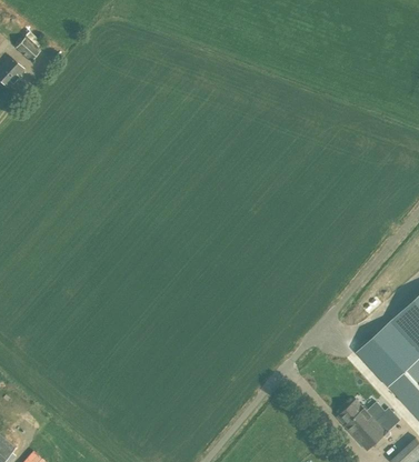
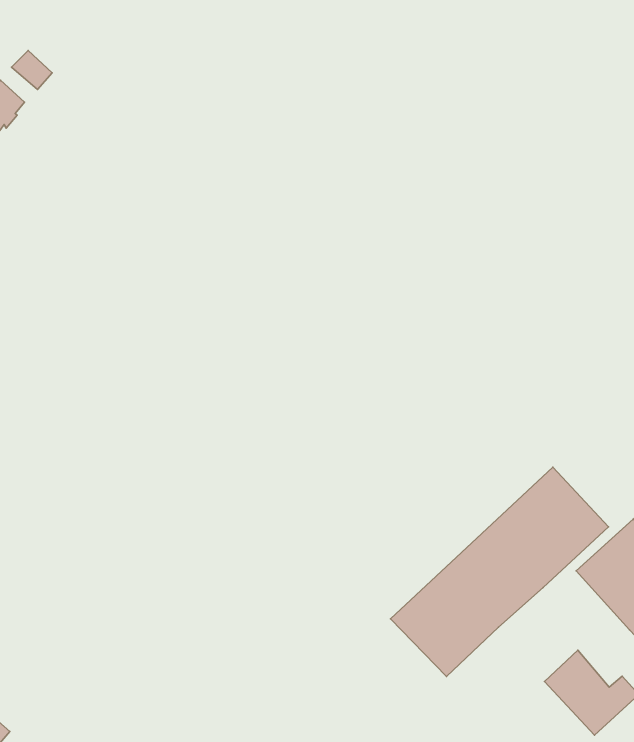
building: none -> [391,467,608,677]

